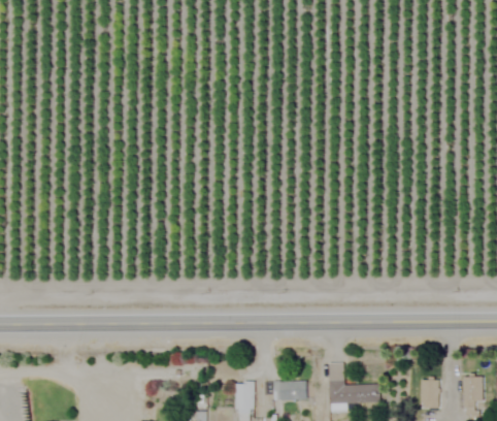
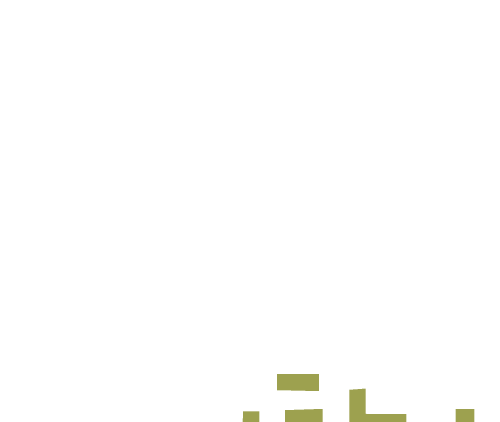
building: none -> [277,373,320,392]

